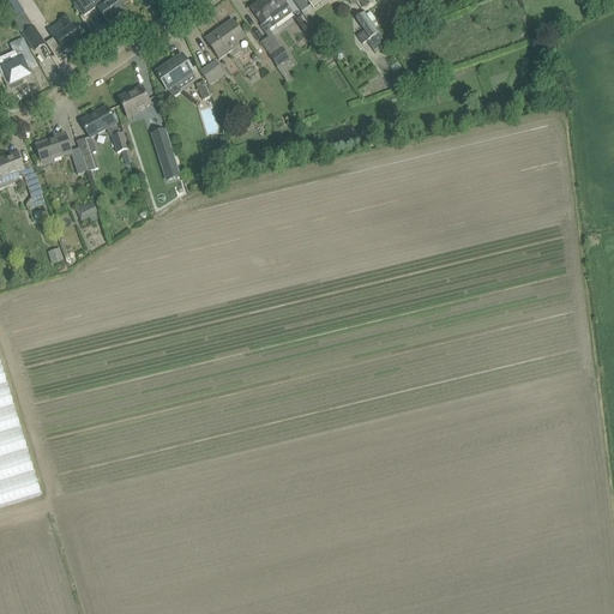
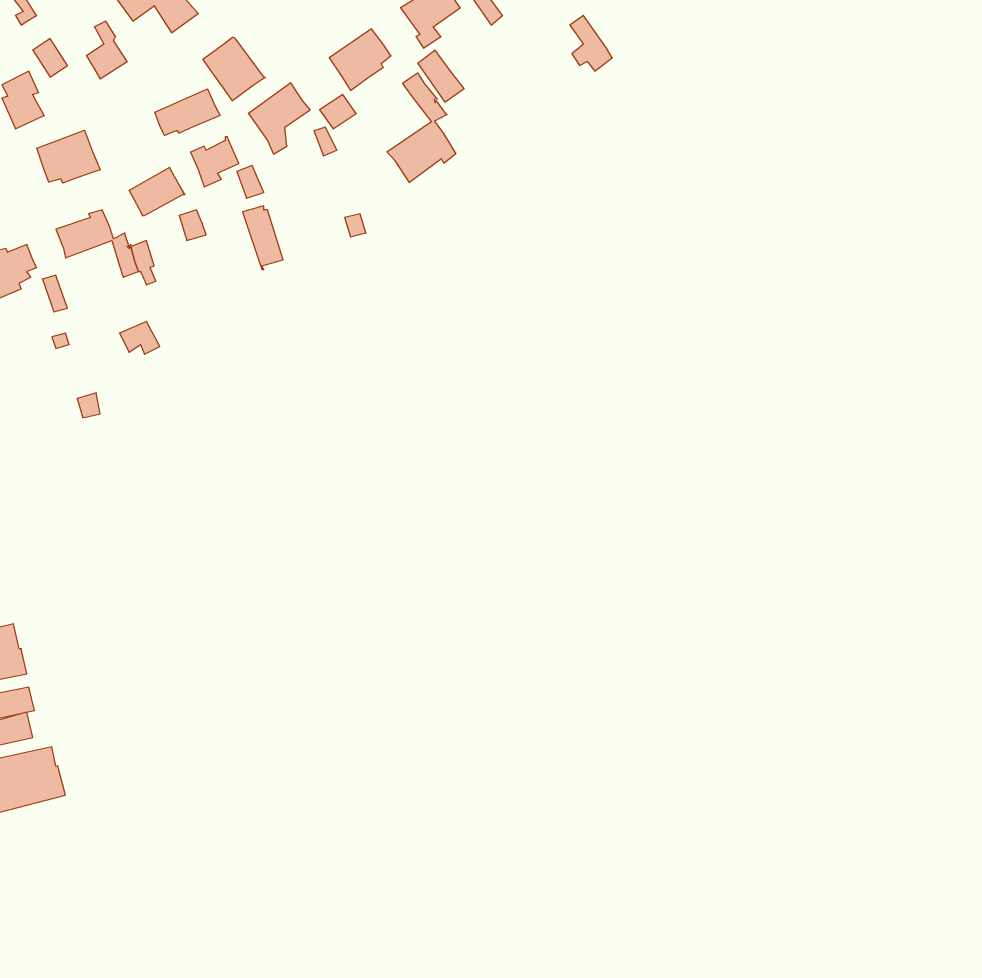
building: none -> [203,37,265,101]
building: none -> [387,73,456,183]
building: none -> [155,89,220,135]
building: none -> [37,130,100,183]

